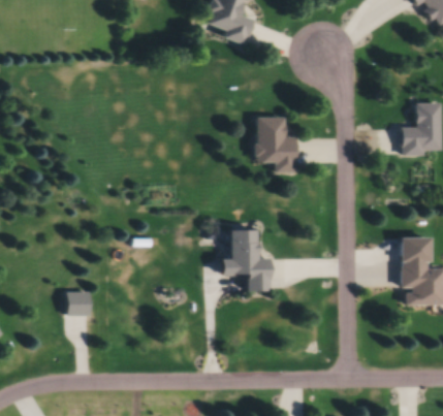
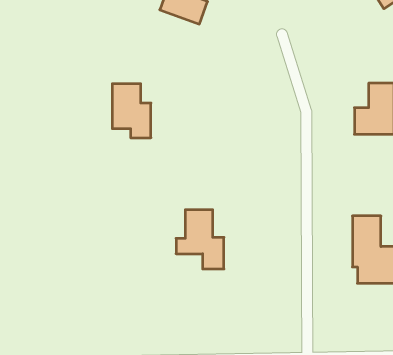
building: [254,117,293,171] -> [112,84,151,138]
building: [70,291,95,314] -> none

